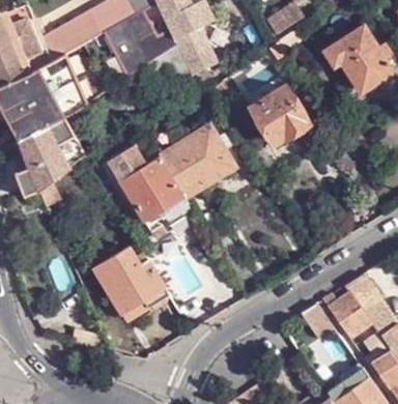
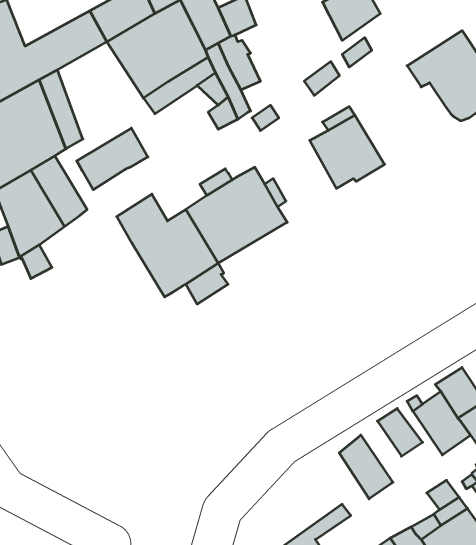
building: none -> [77,128,148,190]
building: [92,247,168,320] -> none
building: none -> [339,435,393,499]

